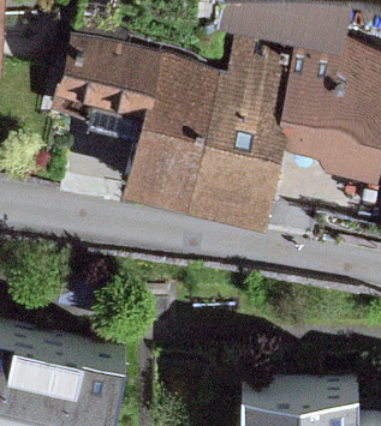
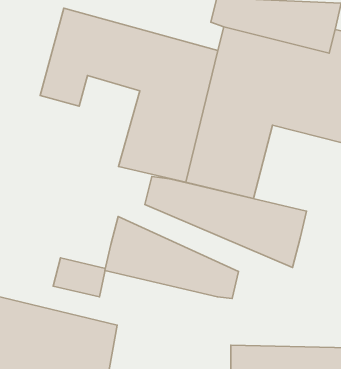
building: none -> [145,176,306,267]
building: none -> [105,216,239,298]

